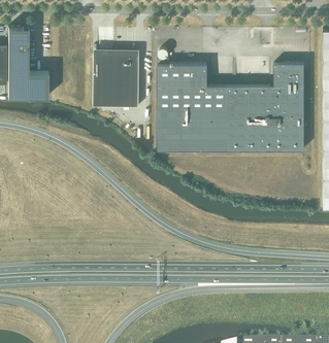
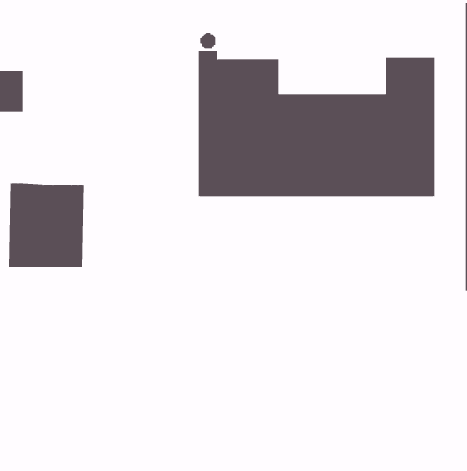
building: [92,53,139,105] -> [8,183,85,268]

